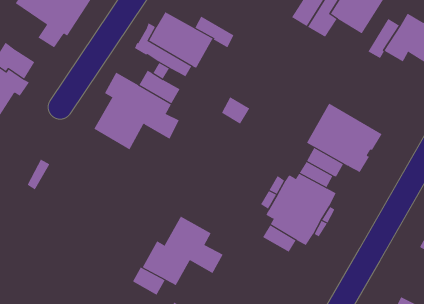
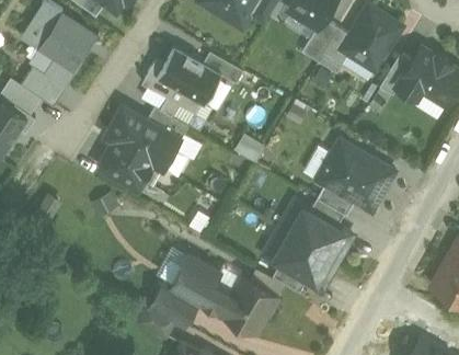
building: none -> [21,65,67,106]
building: none -> [222,276,279,331]

